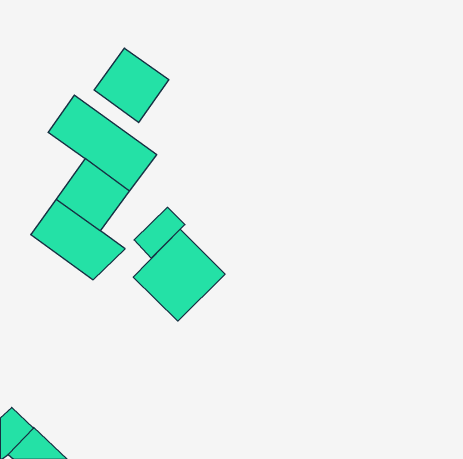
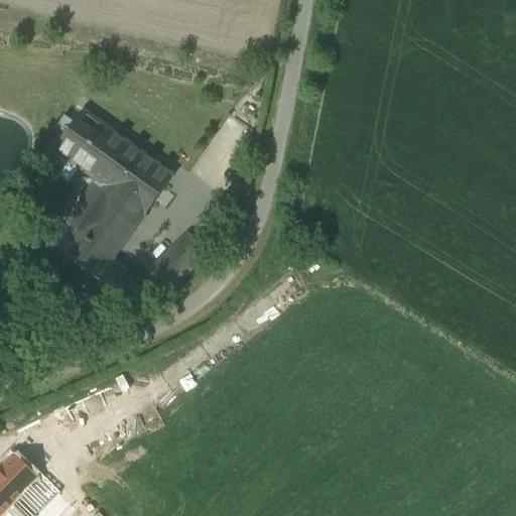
building: [94,48,169,123] -> none
building: [133,229,225,321] -> none

